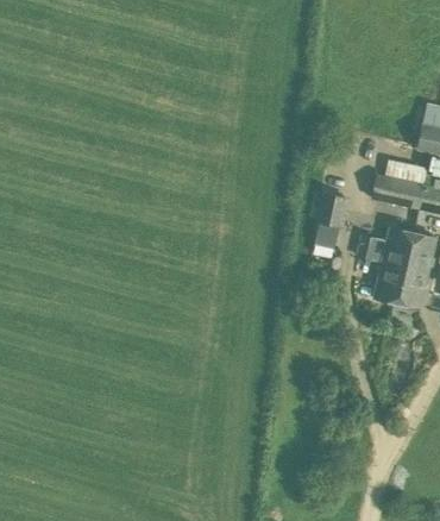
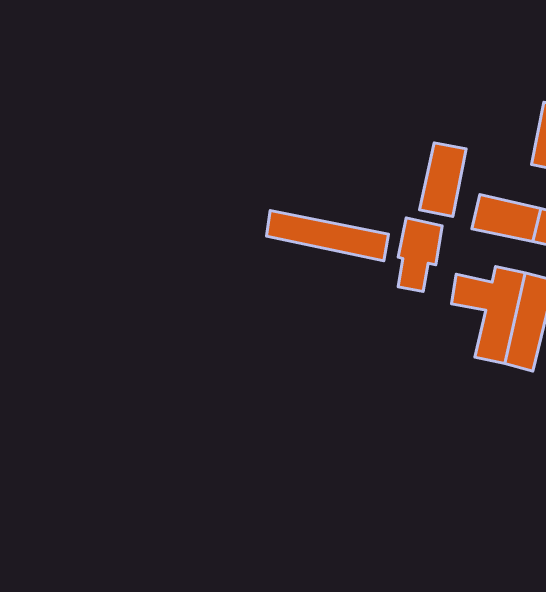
building: none -> [420,143,466,216]
building: none -> [266,210,388,261]

